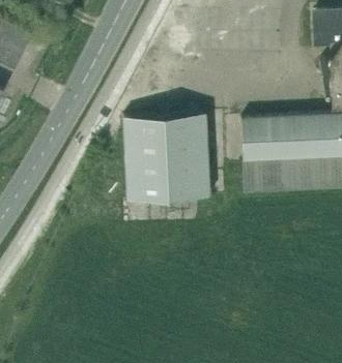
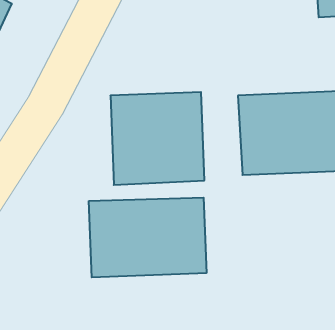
building: none -> [89,198,206,277]

